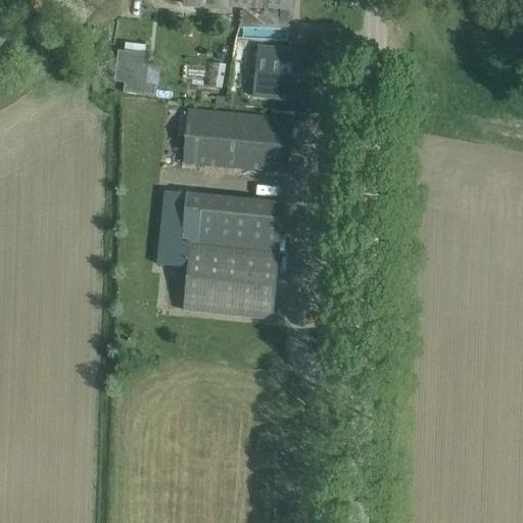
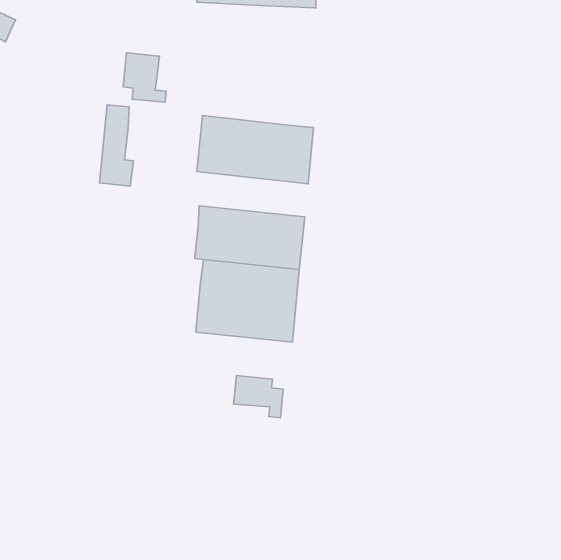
building: [251,46,297,99] -> none
building: [157,189,189,265] -> [99,105,134,186]
building: none -> [234,376,283,418]

